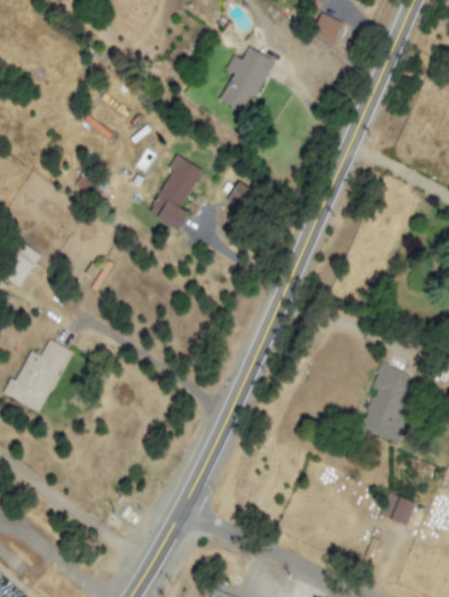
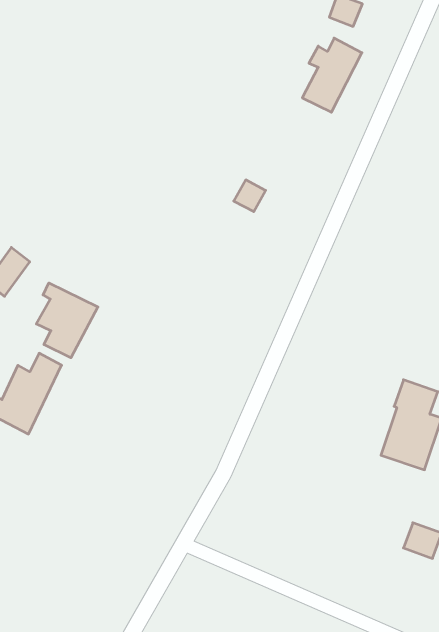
building: [219,46,273,113] -> [302,38,362,112]
building: [148,154,203,230] -> none
building: none -> [36,283,98,358]

